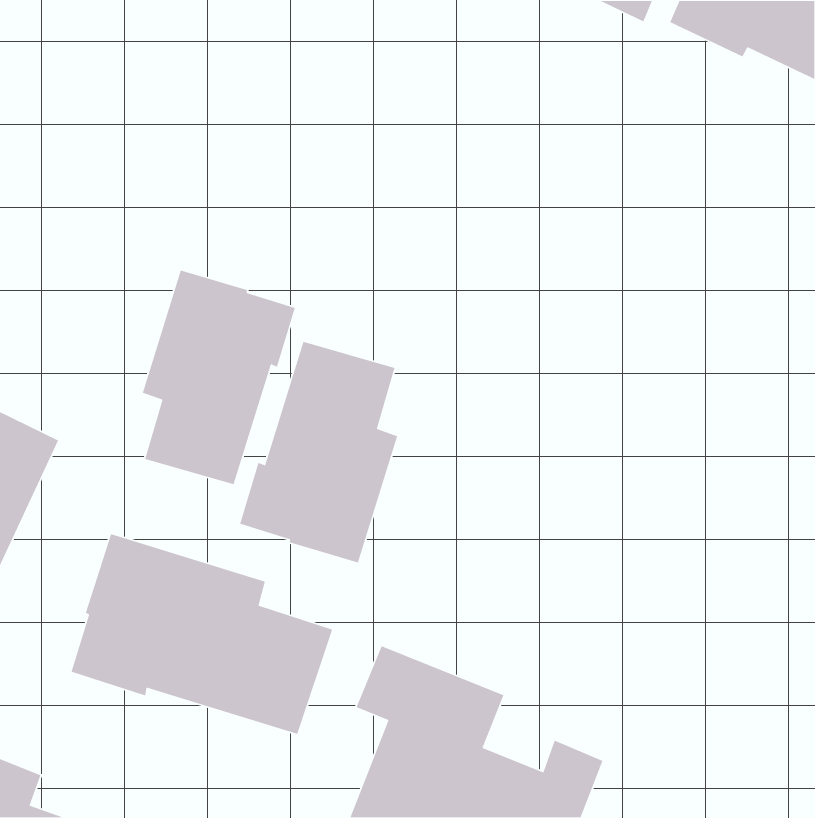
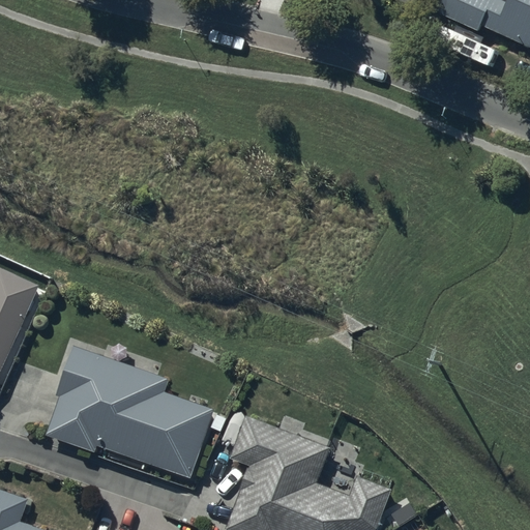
building: [142,269,296,485] -> none
building: [239,341,398,564] -> none

